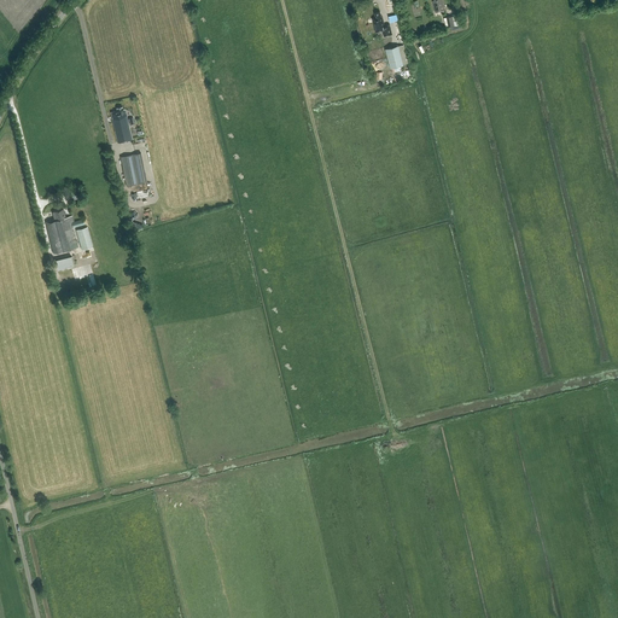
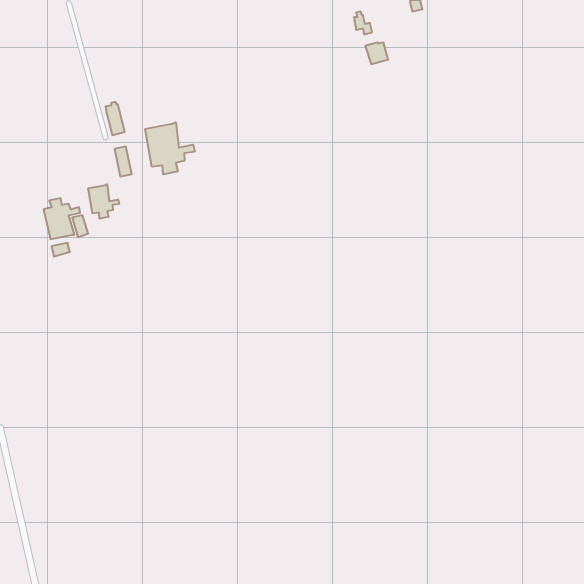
building: none -> [145,122,195,174]
building: none -> [88,184,119,219]

